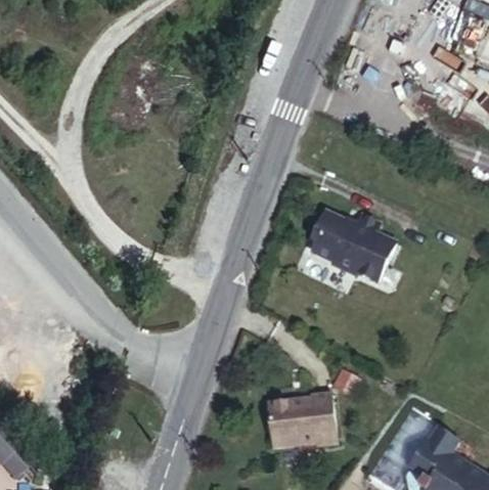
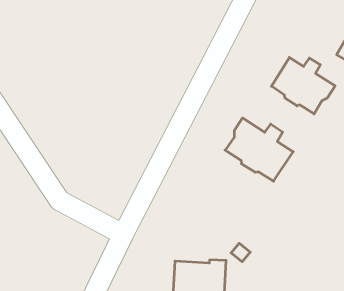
building: none -> [271,57,335,114]

